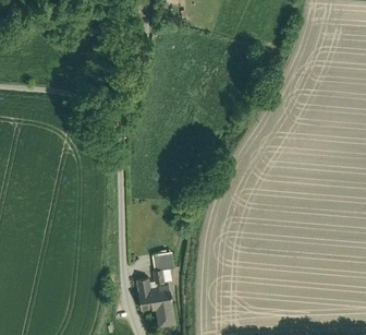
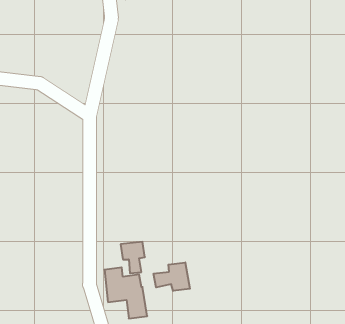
building: none -> [154,262,190,291]

